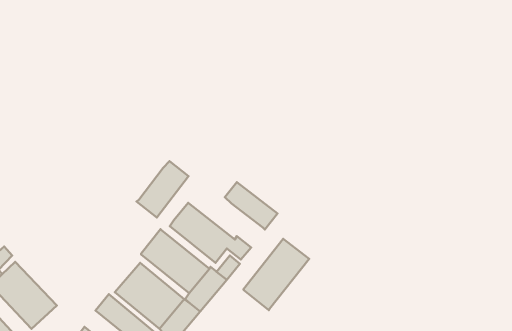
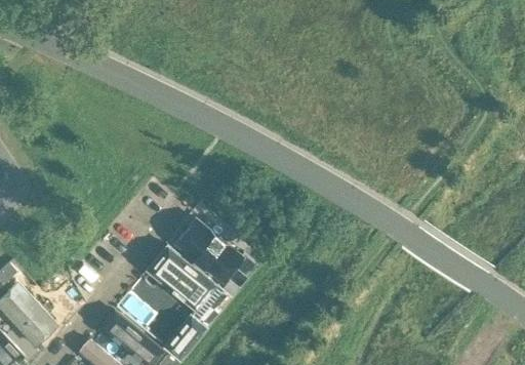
building: [137,161,188,218] -> none
building: [225,182,278,230] -> none
building: [244,239,309,310] -> none

